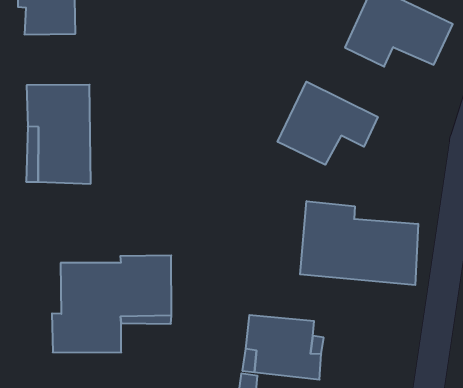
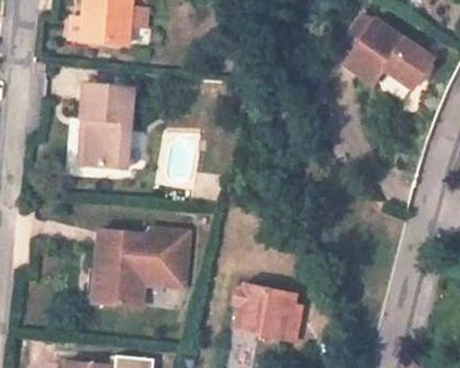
building: [278,82,378,165] -> none
building: [300,201,418,285] -> none

